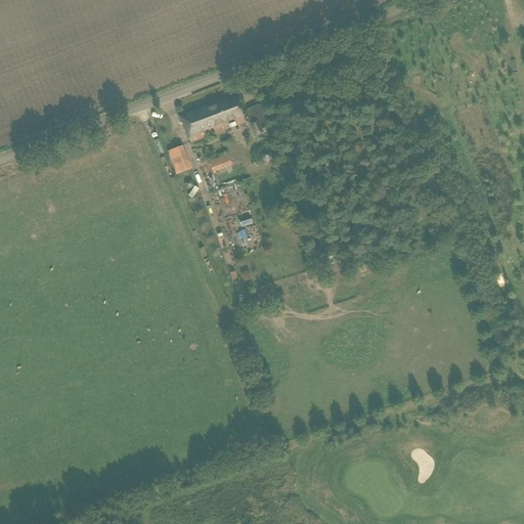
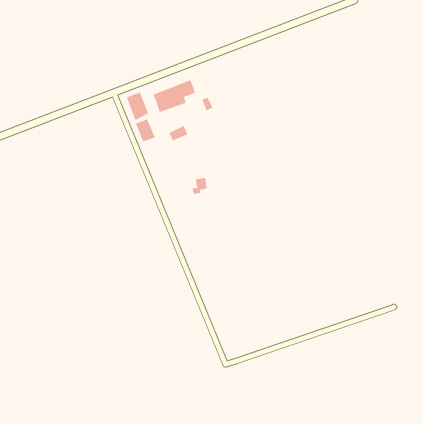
building: none -> [126,91,149,121]

